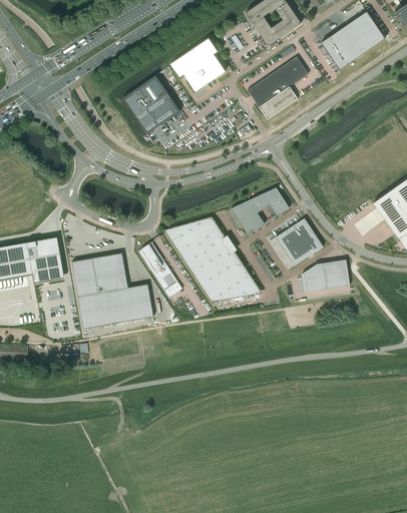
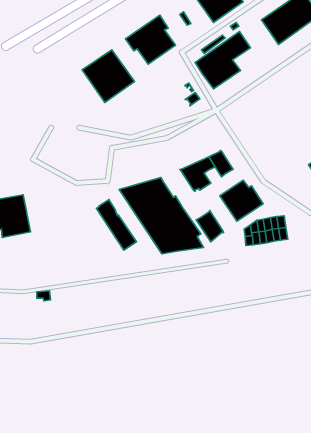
building: [72,251,153,328] -> none
building: none -> [196,211,223,242]

